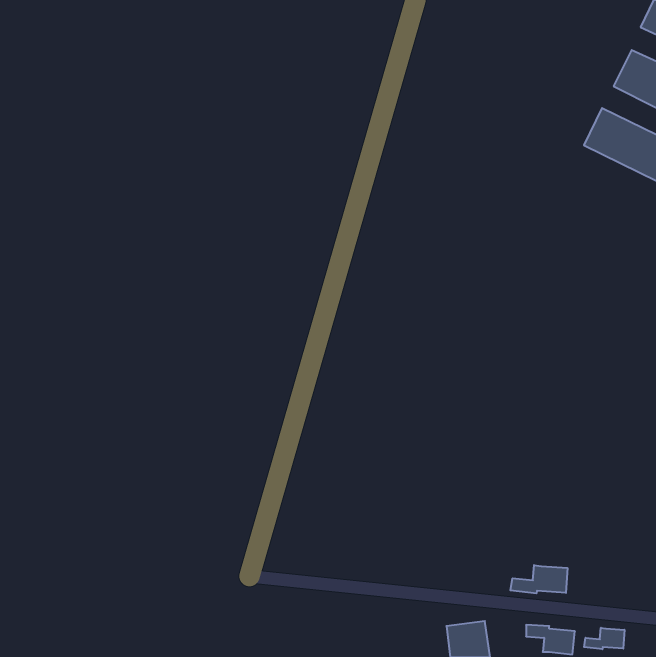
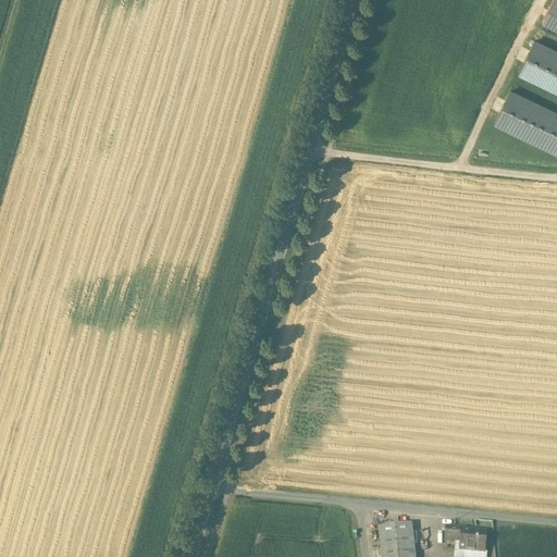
building: [510,565,567,593] -> none
building: [584,628,624,649] -> none

